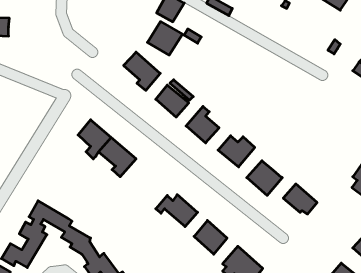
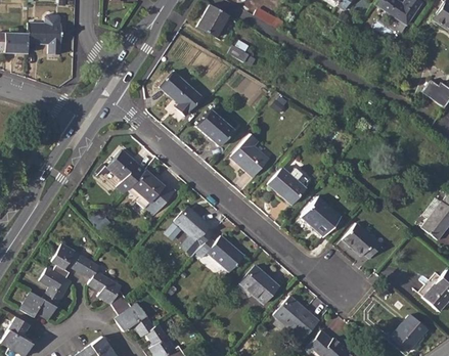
building: none -> [28,23,61,53]
building: [147,22,182,55] -> none
building: none -> [175,209,213,256]

